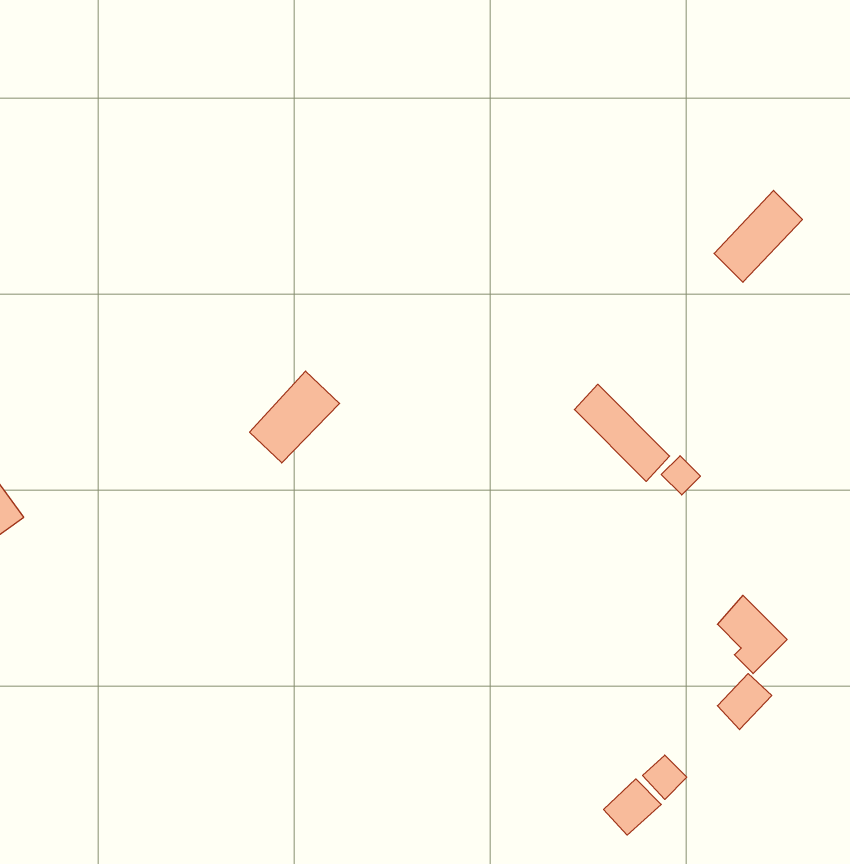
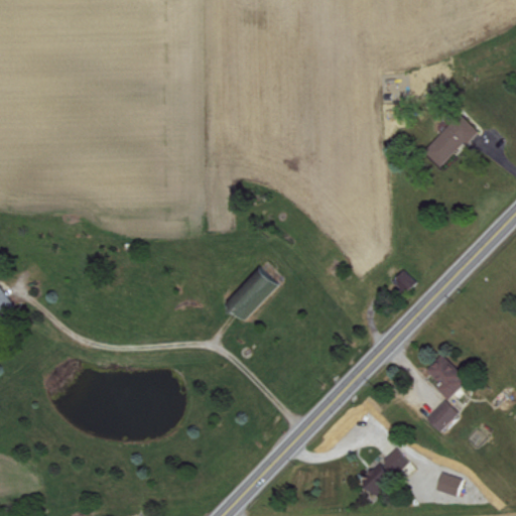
building: [250,371,340,463] -> [225,265,278,319]
building: [574,384,670,481] -> none
building: none -> [434,474,461,496]

